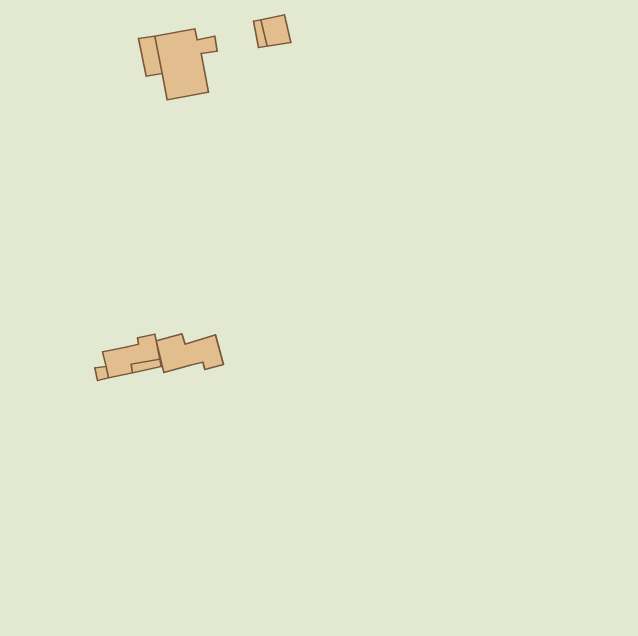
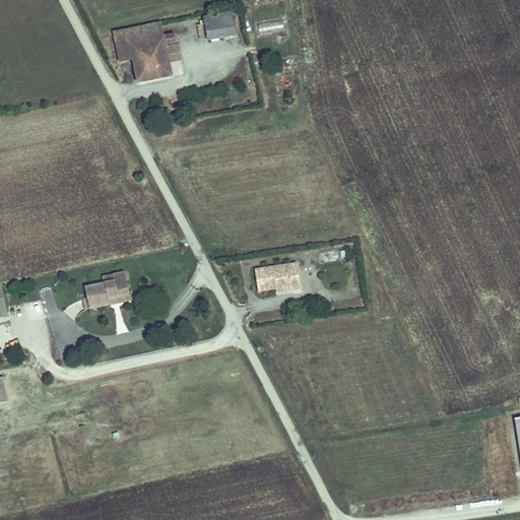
building: none -> [254,261,302,289]
building: [156,334,224,373] -> none

